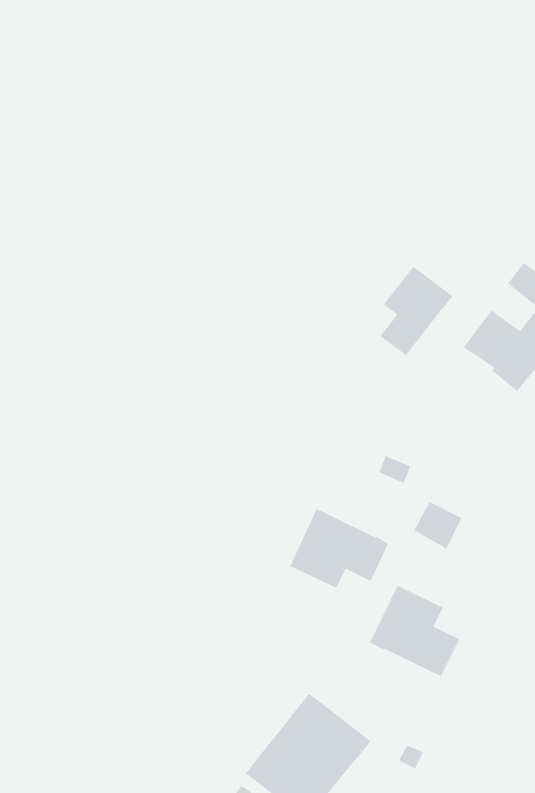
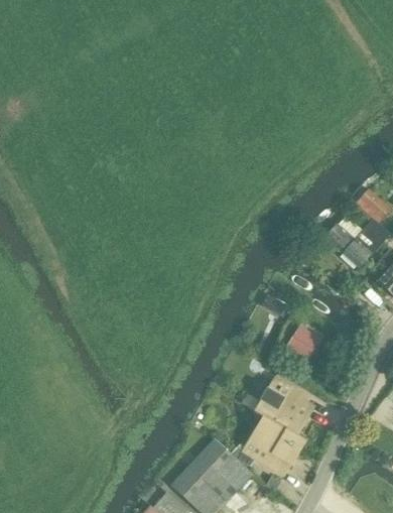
building: [380,266,453,357] -> none
building: [290,509,389,588] -> [244,416,305,466]

